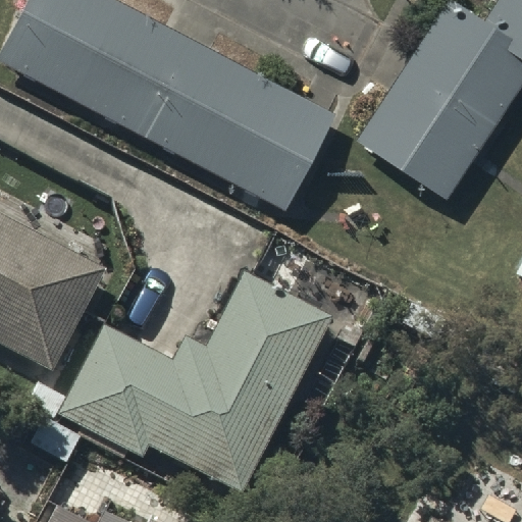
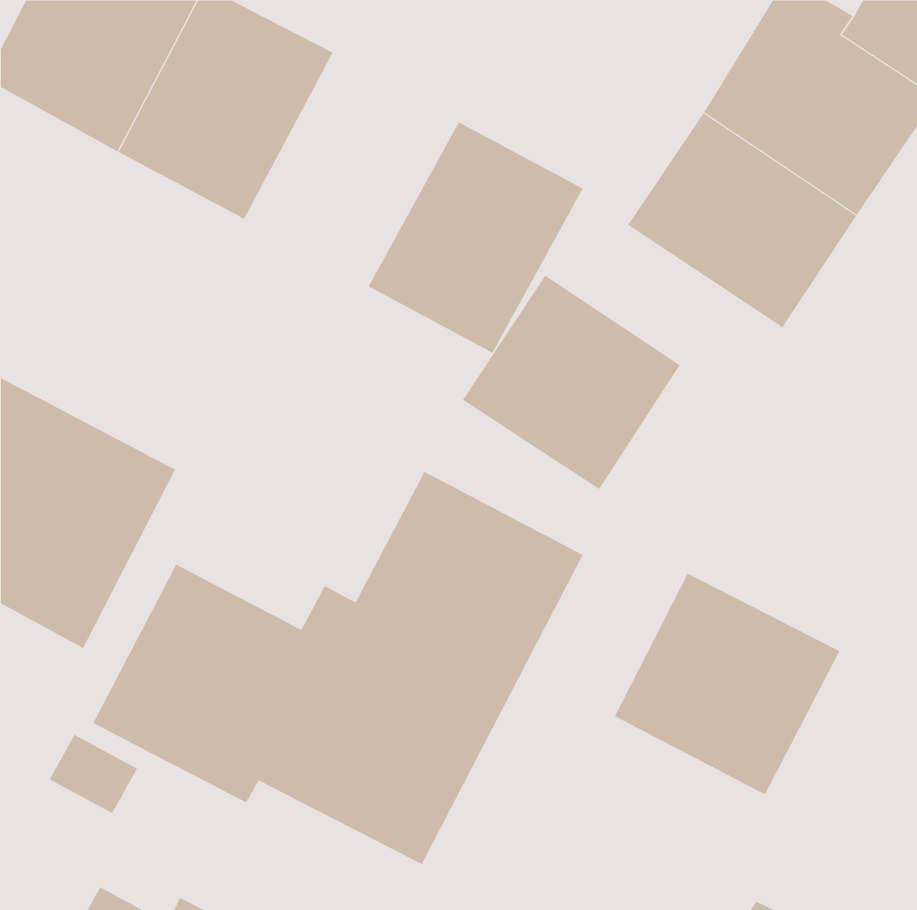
building: [143,39,263,170] -> none
building: none -> [462,275,681,490]
building: none -> [614,573,840,795]

